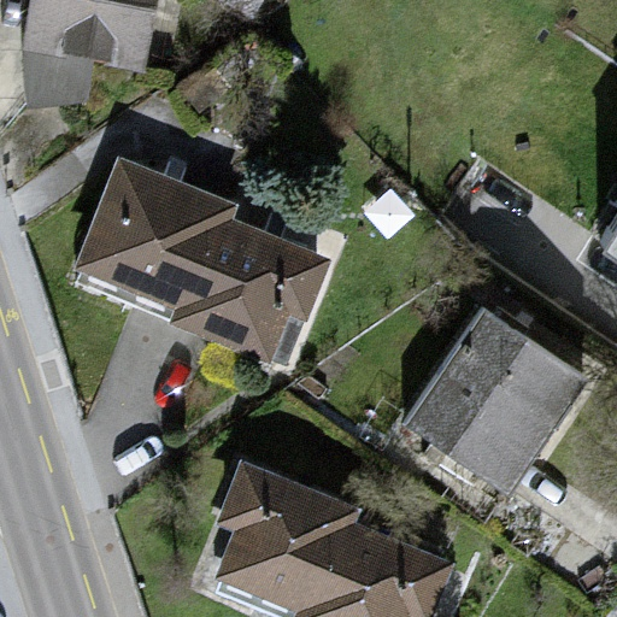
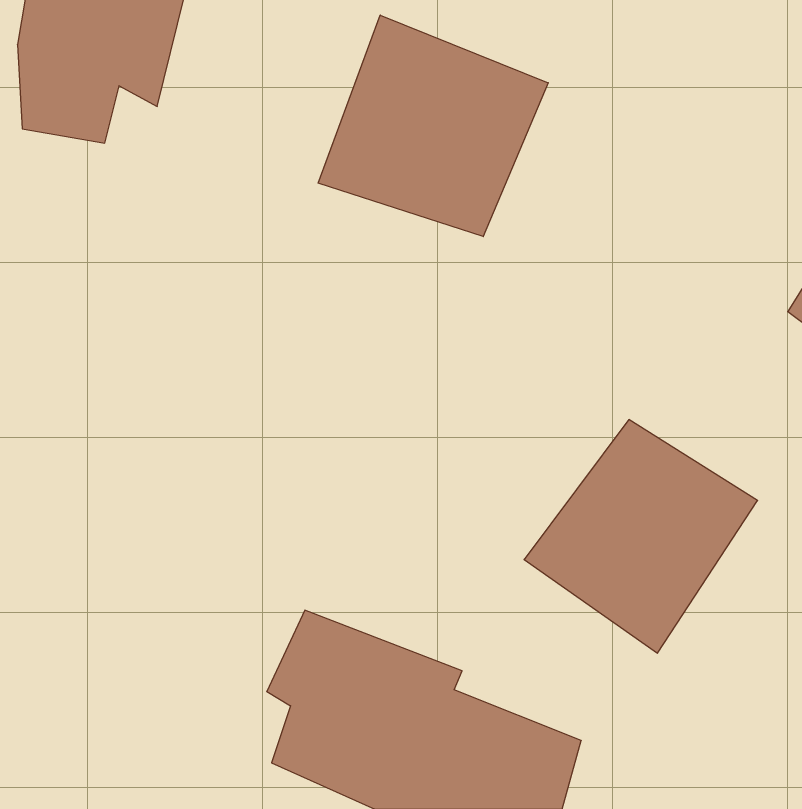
building: none -> [318,15,548,237]
building: [75,157,340,364] -> none

